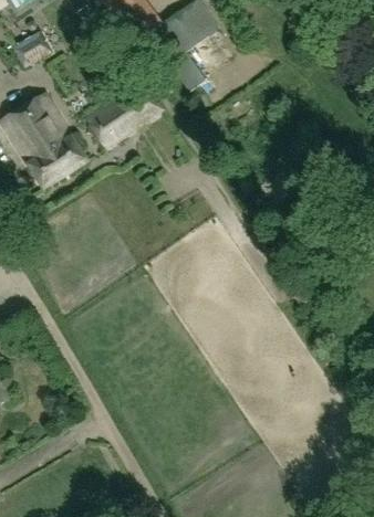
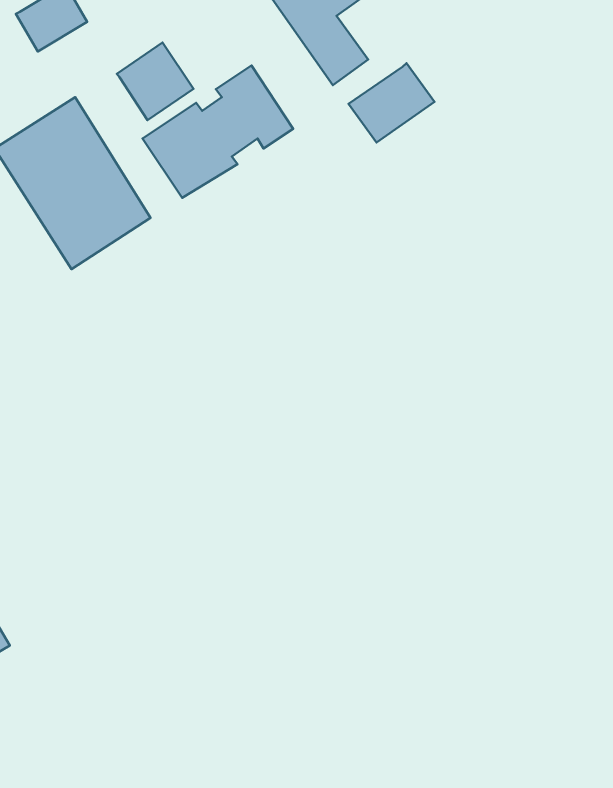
building: none -> [117,43,193,120]
building: none -> [349,63,435,142]

